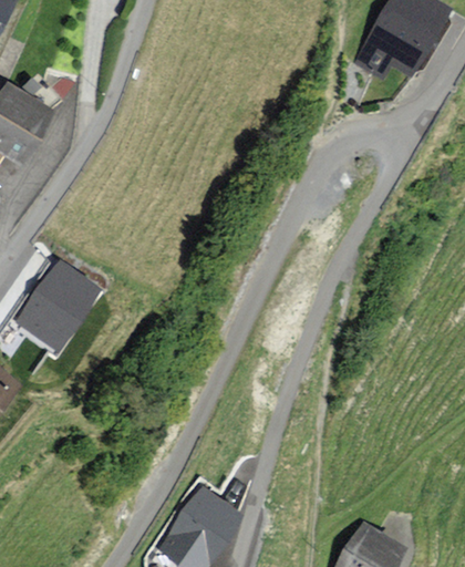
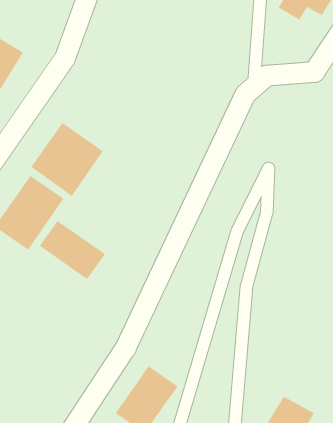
building: none -> [30,122,103,197]
building: none -> [39,220,106,280]

